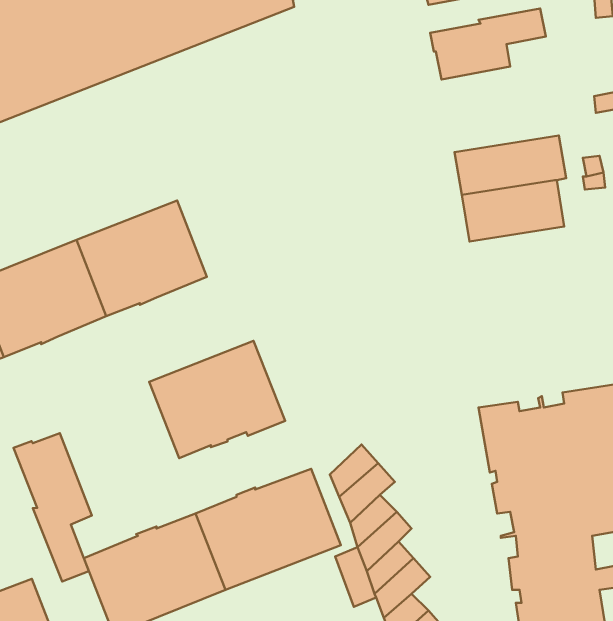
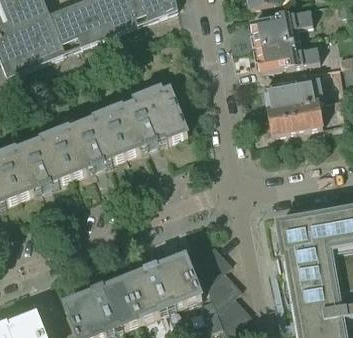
building: none -> [256,36,319,66]
building: [149,341,285,458] -> [114,86,187,149]
building: [14,433,92,581] -> none

